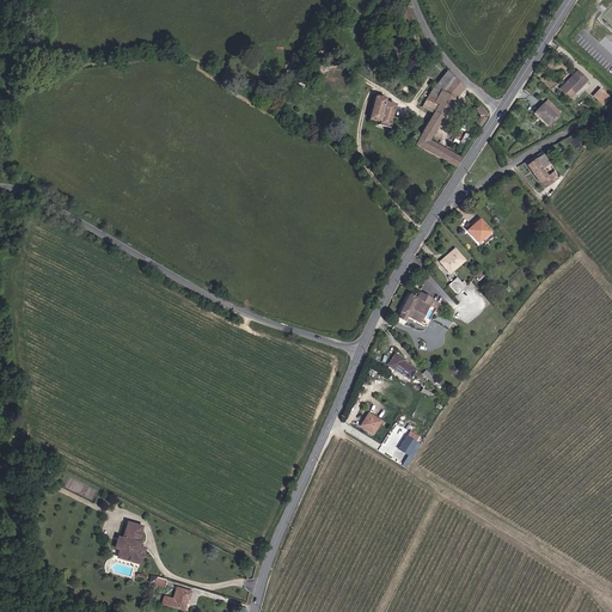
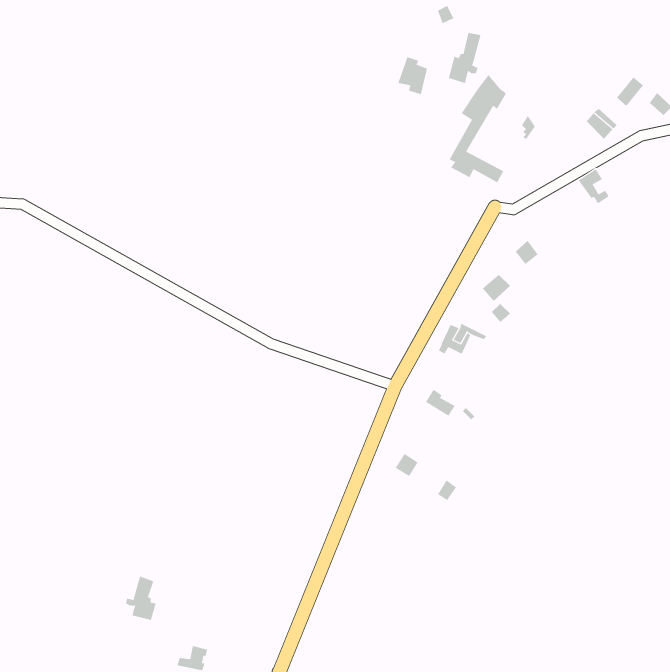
building: none -> [448,32,481,84]
building: [365,92,392,127] -> [398,57,428,95]

